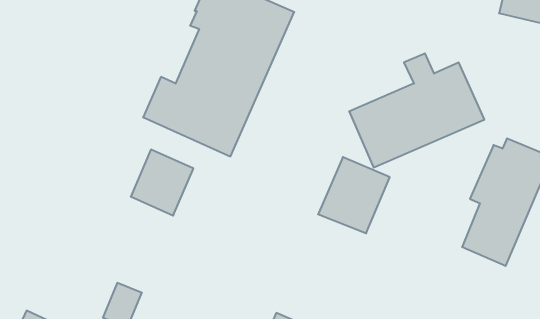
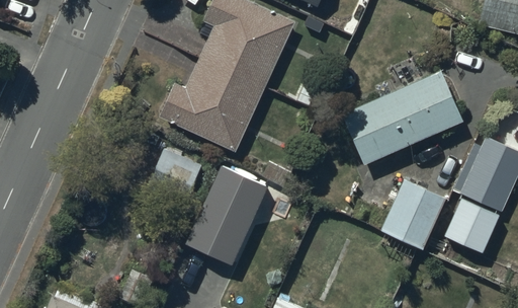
building: [318,157,390,233] -> [382,178,447,247]
building: none -> [185,164,267,263]

